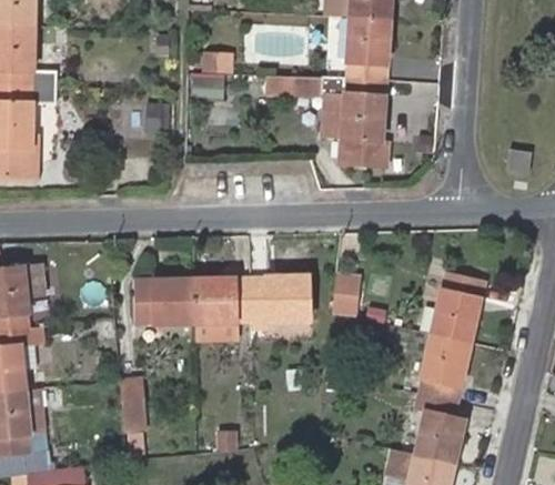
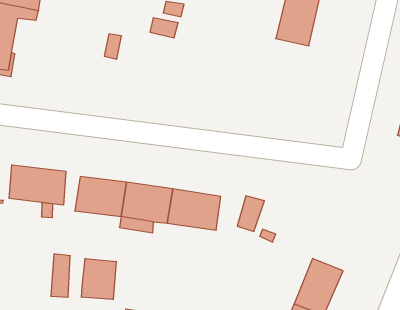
building: [269,75,387,166] -> none
building: [432,273,486,344] -> none
building: none -> [9,165,66,205]
building: none -> [81,258,116,300]

